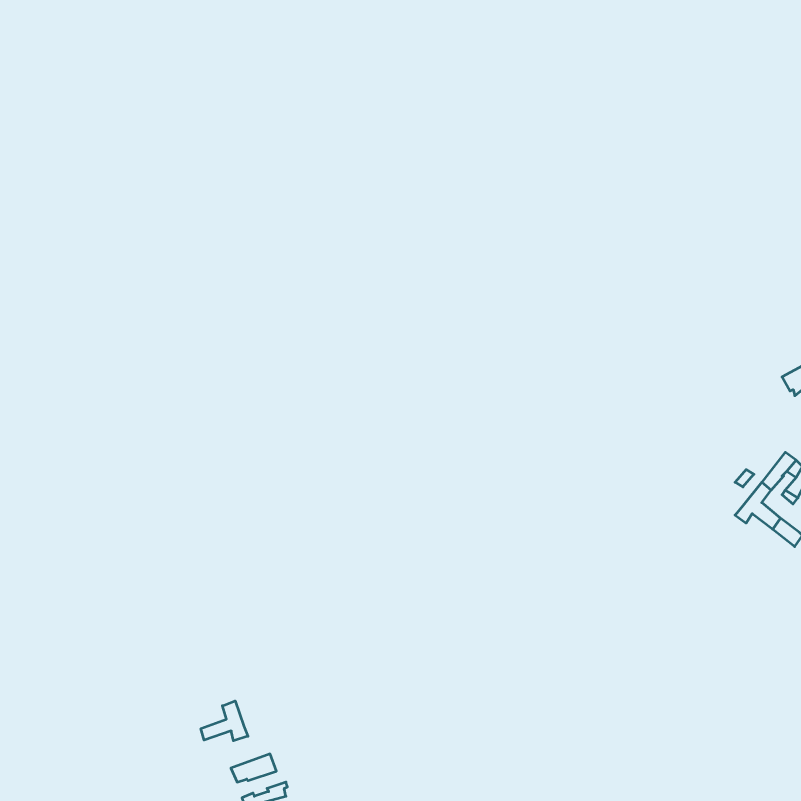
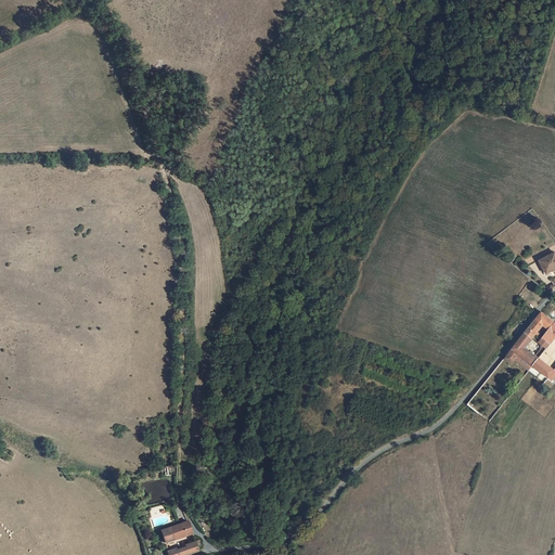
building: [201,701,248,741] -> none

